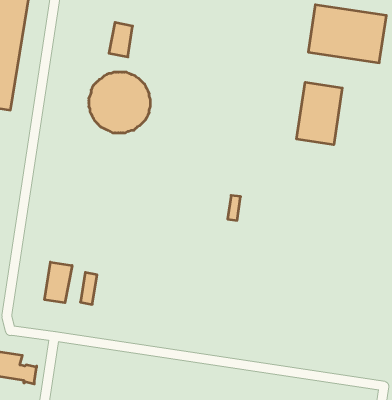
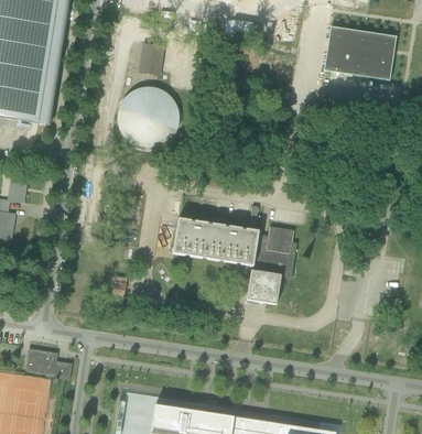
building: [297,82,342,145] -> none
building: none -> [173,218,296,303]
building: [45,262,72,303] -> none

